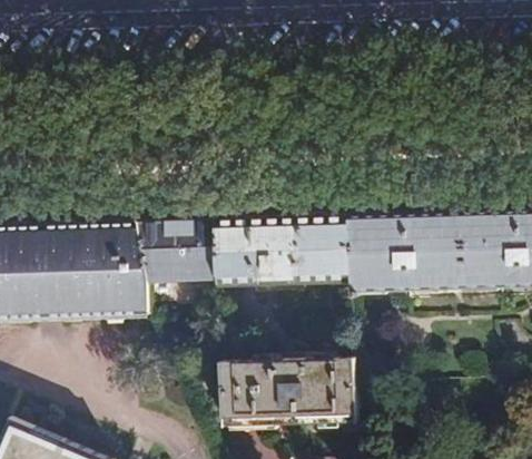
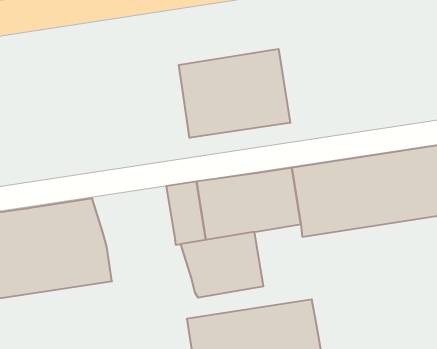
building: none -> [179,49,290,138]
building: [138,221,219,282] -> [181,232,263,297]

